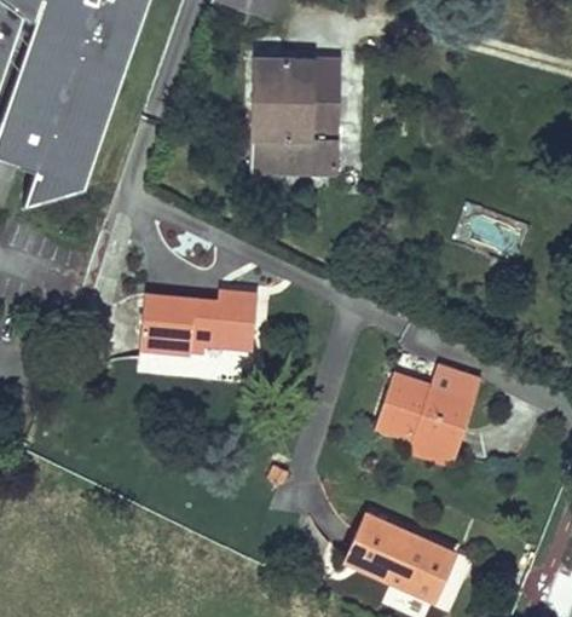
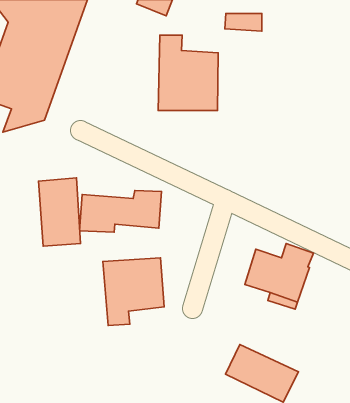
building: [287,54,342,81] -> [225,14,262,31]
building: none -> [38,178,80,246]
building: none -> [103,258,164,325]

